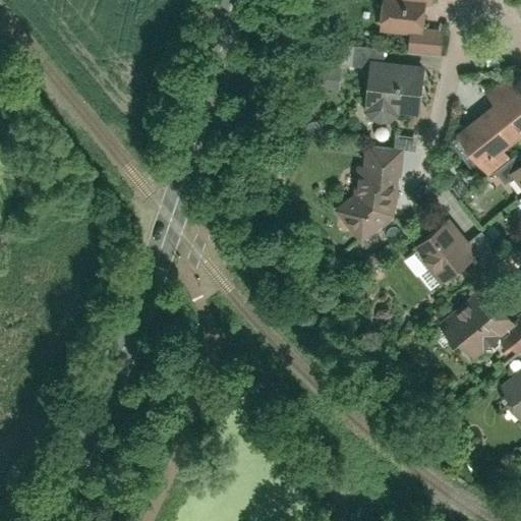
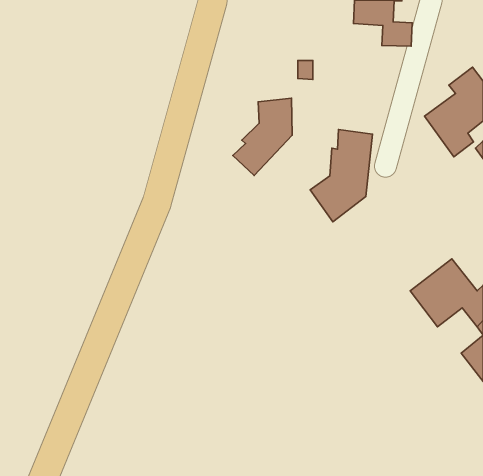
building: [362,61,424,116] -> none
building: none -> [233,98,292,175]
building: [412,219,498,285] -> none

